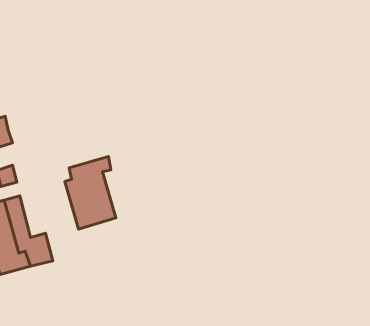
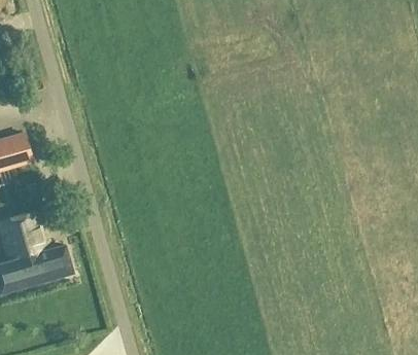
building: [65,156,116,229] -> none

